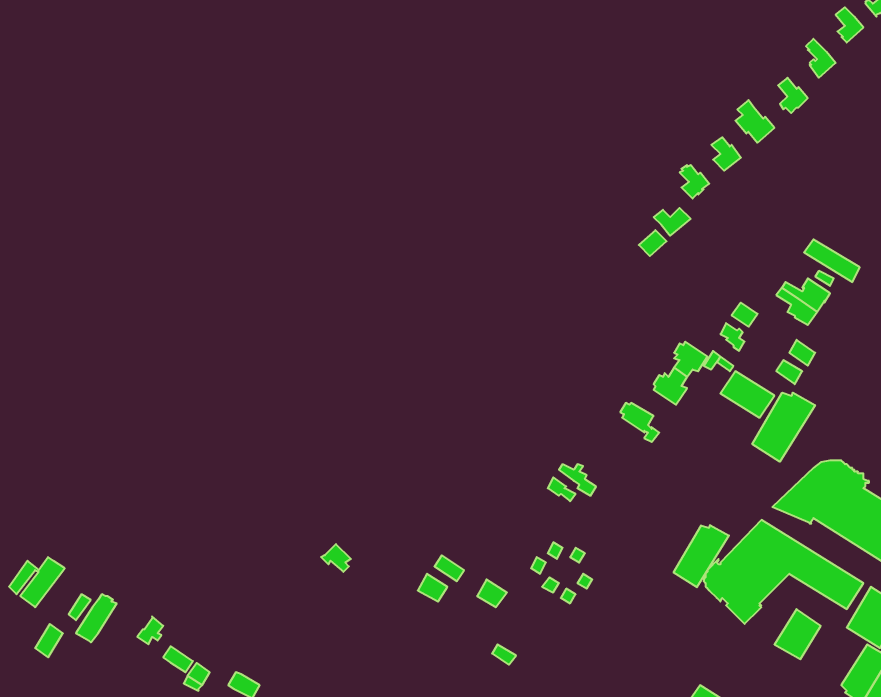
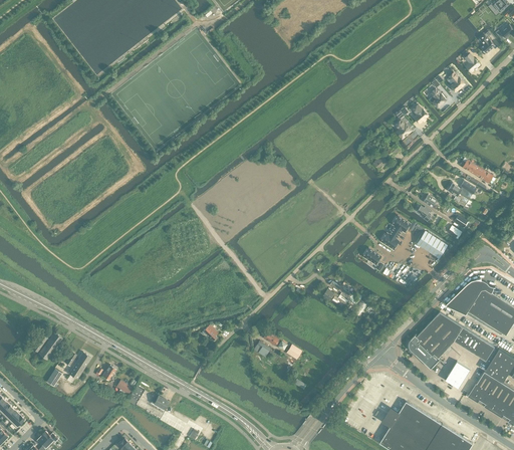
building: [752,393,815,462] -> none
building: [674,525,729,587] -> none
building: none -> [468,372,496,402]

